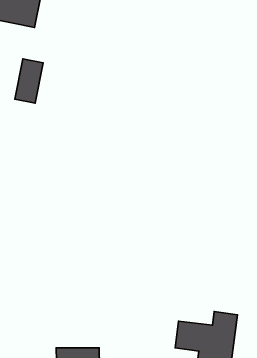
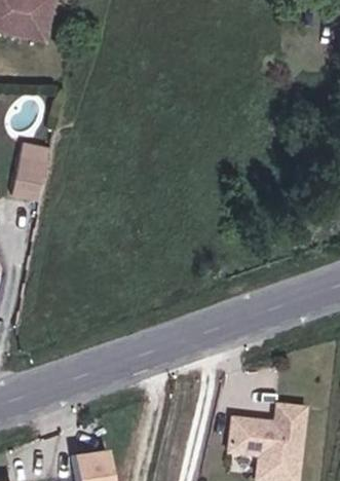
building: [15,59,43,103] -> [12,143,48,199]

